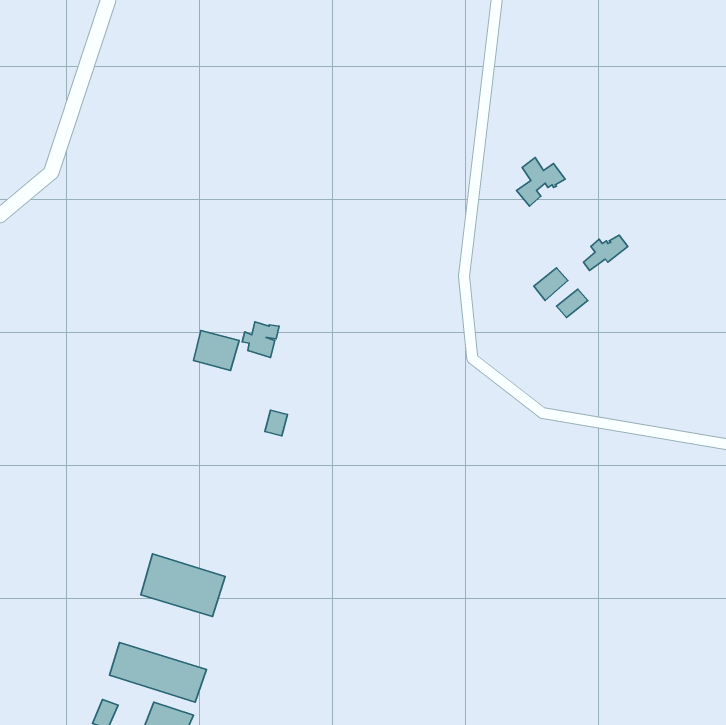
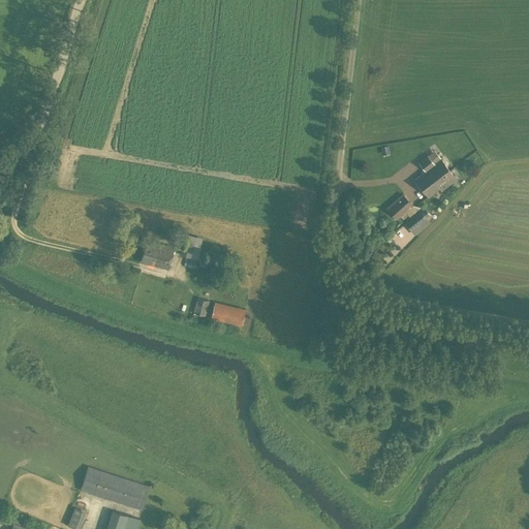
building: [517,158,565,206] -> [415,157,450,192]
building: none -> [211,304,246,328]
building: [141,554,225,617] -> none

